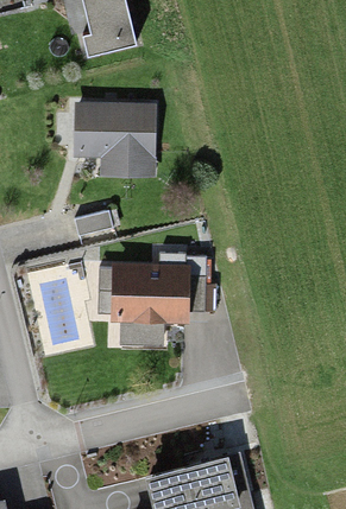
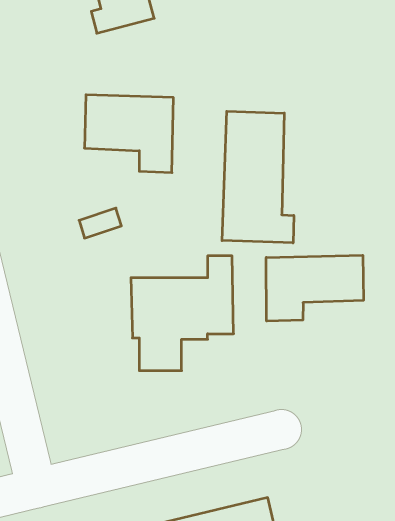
building: none -> [222,111,294,243]
building: none -> [266,255,363,321]

